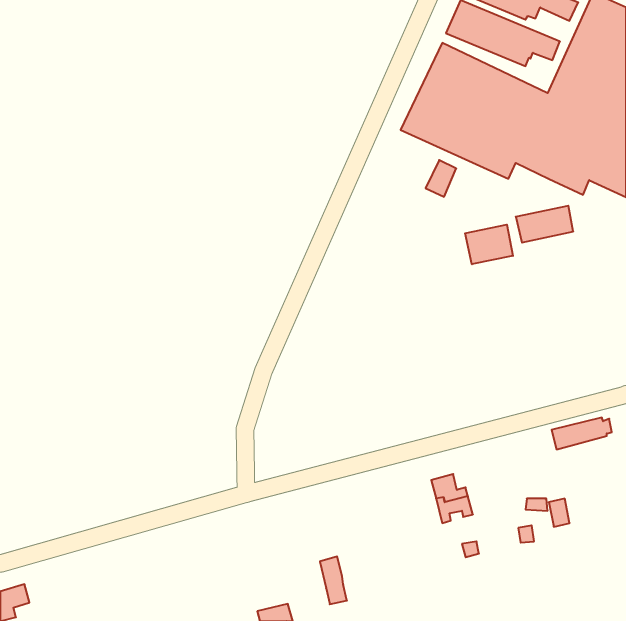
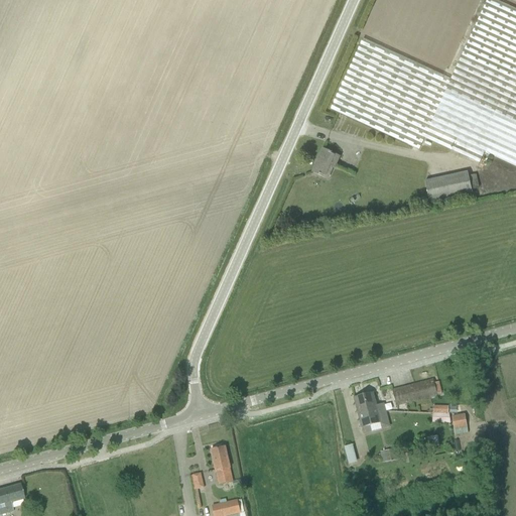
building: [426,160,456,197] -> [312,146,338,176]
building: [465,225,513,264] -> none
building: [552,418,612,449] -> [392,377,441,403]
building: [320,556,347,604] -> [211,442,233,482]

